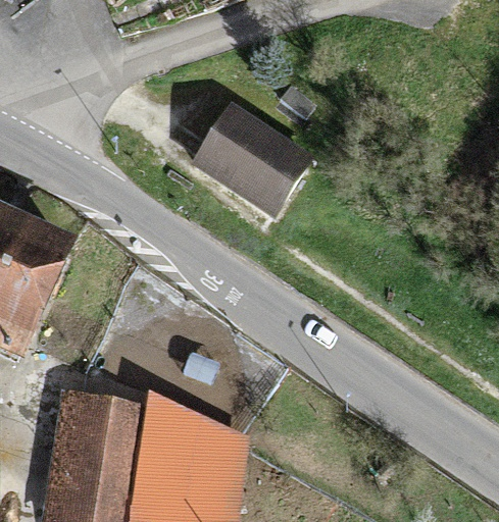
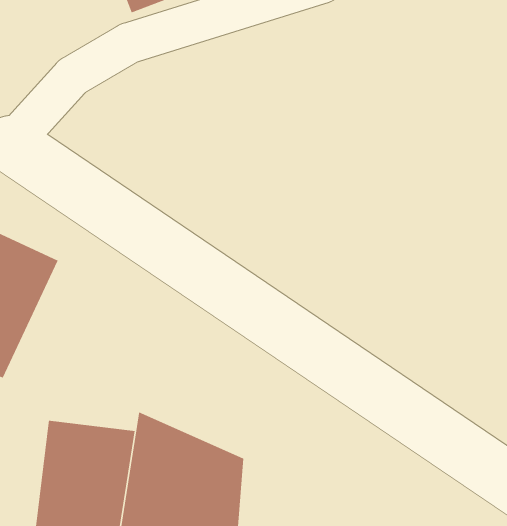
building: [193,106,311,218] -> none

